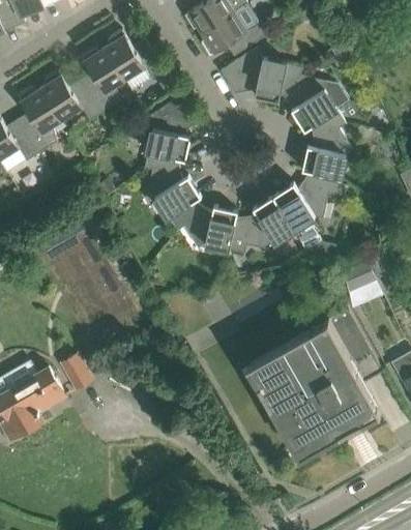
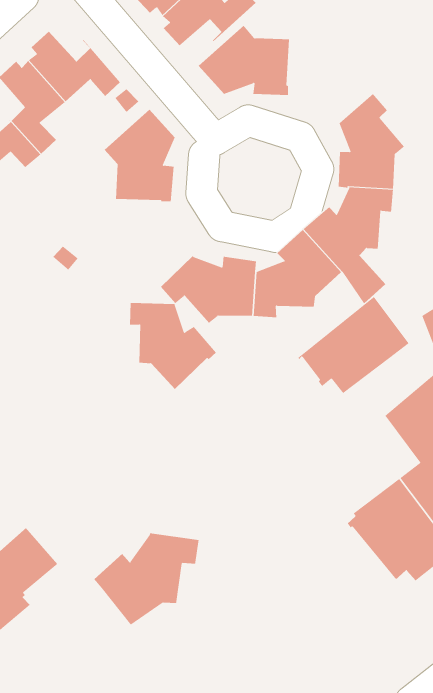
building: [278,64,337,132] -> none
building: [144,153,201,218] -> [129,302,217,390]
building: [246,333,325,396] -> [297,296,409,394]
building: [61,355,91,389] -> none
building: none -> [93,533,199,626]

